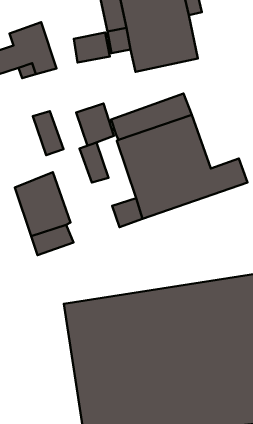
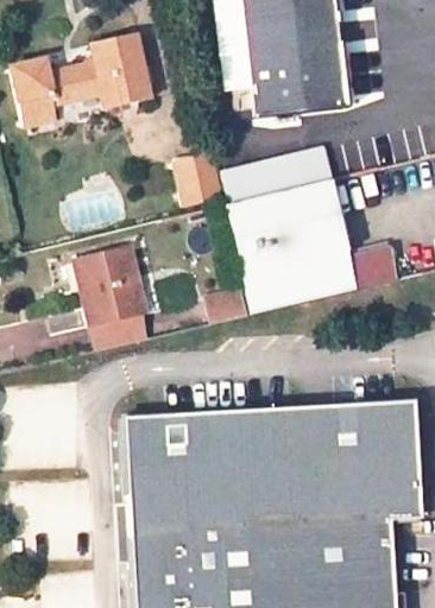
building: [74,32,110,62] -> none
building: [33,111,64,155] -> none
building: [80,143,108,183] -> none

